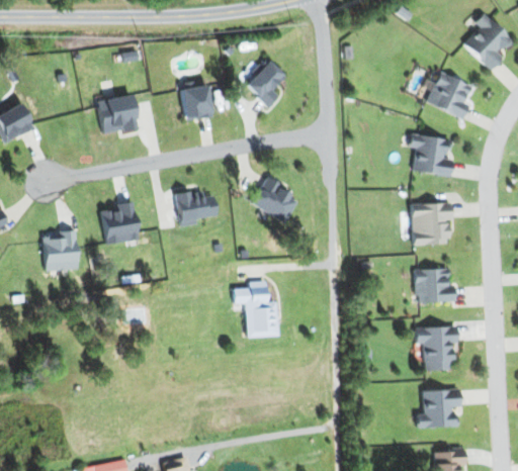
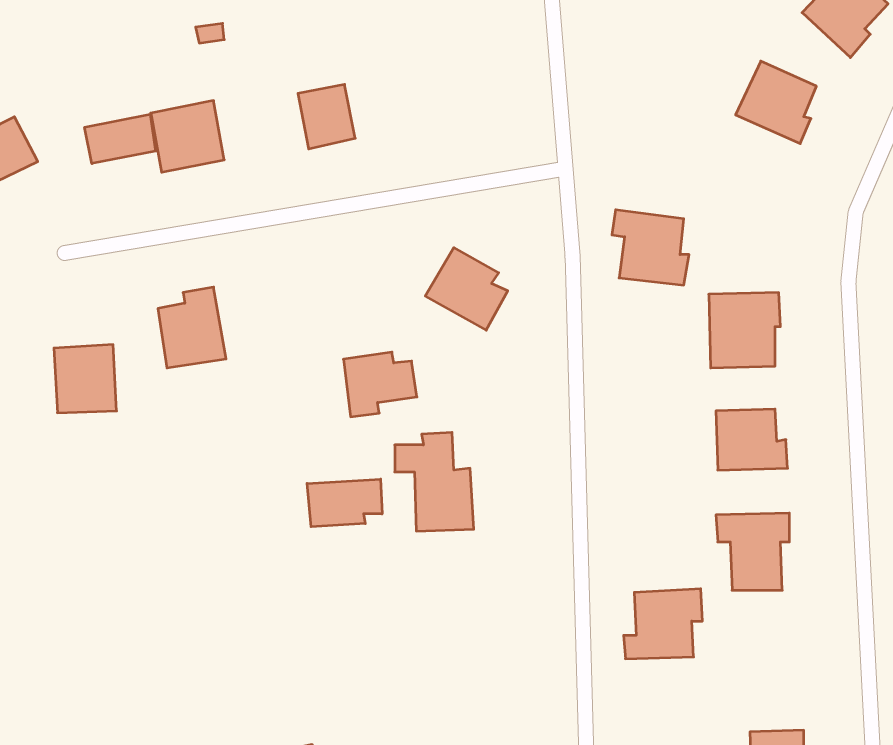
building: [245,60,286,107] -> none
building: none -> [85,114,156,164]
building: [410,133,453,176] -> [612,210,689,285]
building: [176,190,218,226] -> [343,352,417,417]
building: none -> [307,479,382,527]
building: [417,388,461,428] -> [624,589,702,659]

